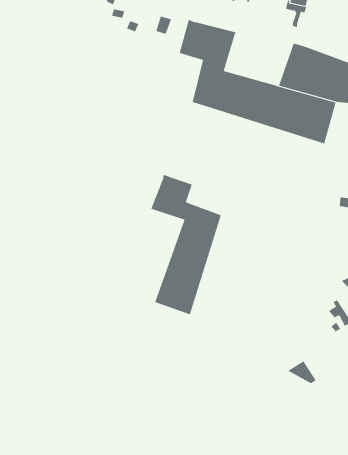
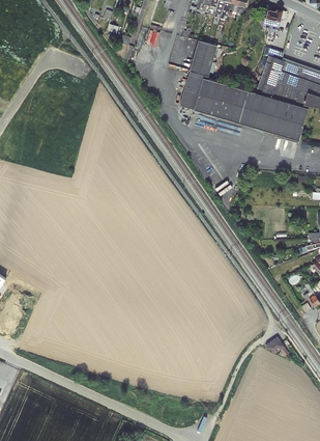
building: [151,174,222,315] -> none

